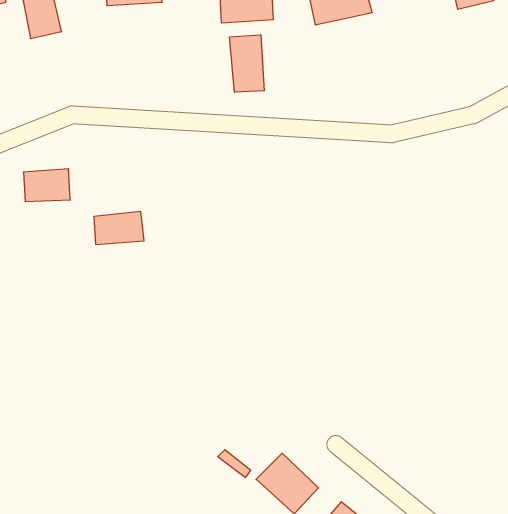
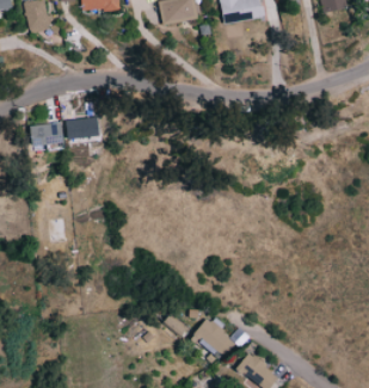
building: [230,35,264,92] -> none
building: [94,211,144,244] -> [62,117,97,140]

